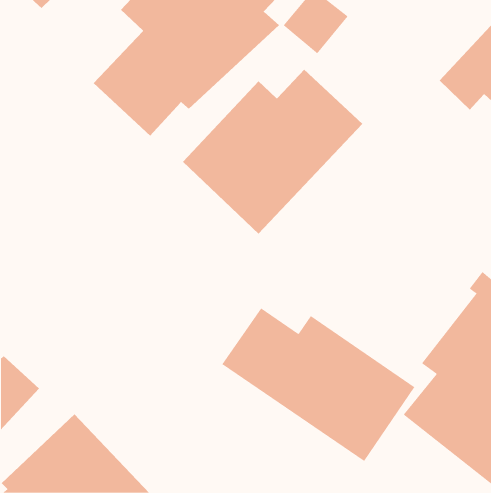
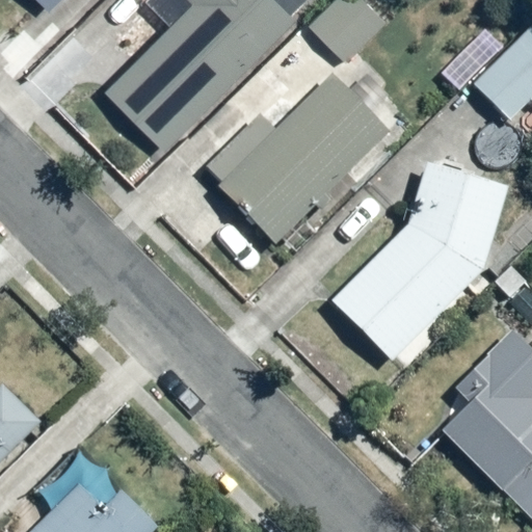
building: none -> [331,161,509,363]
building: [222,307,415,462] -> none

